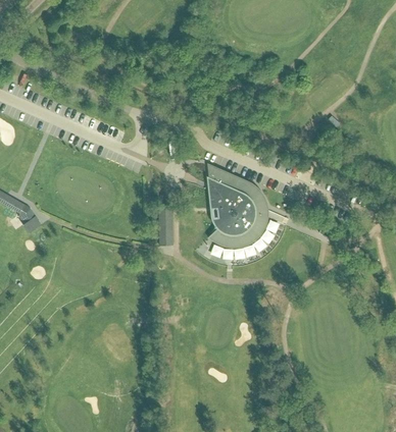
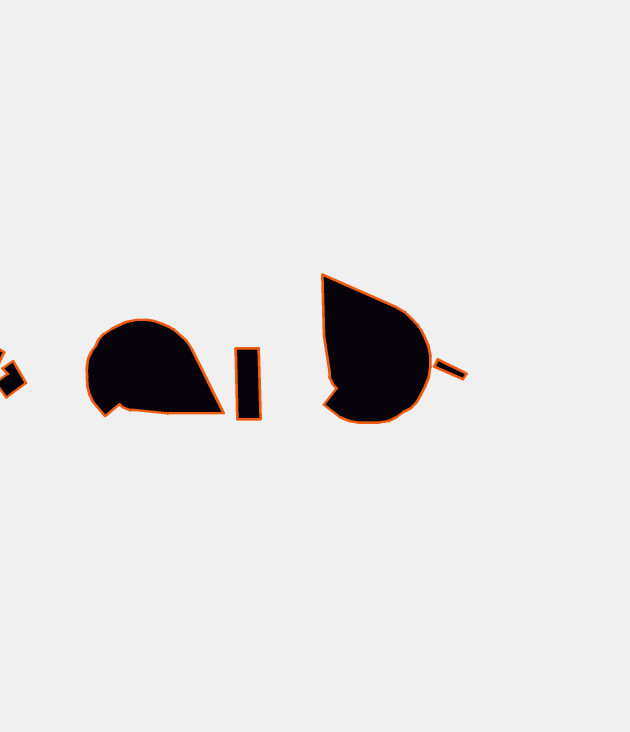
building: none -> [87,320,224,416]

